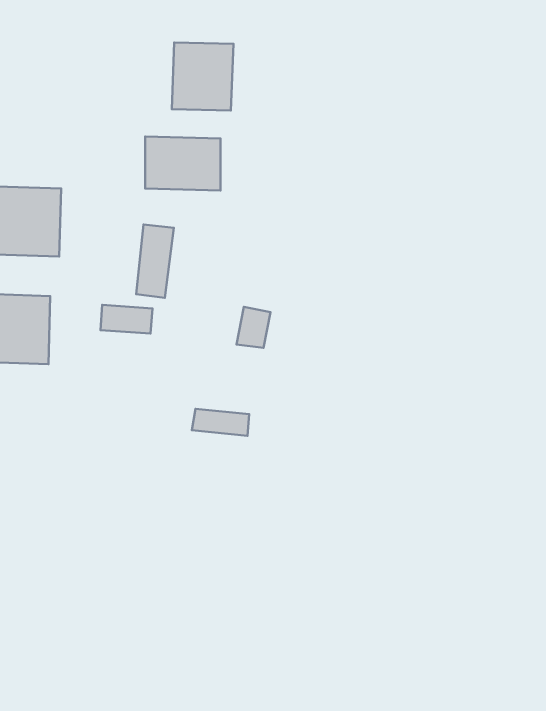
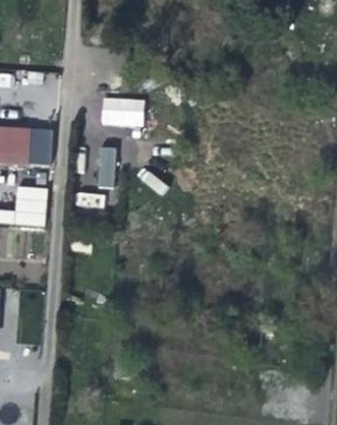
building: [172,43,233,110] -> none

